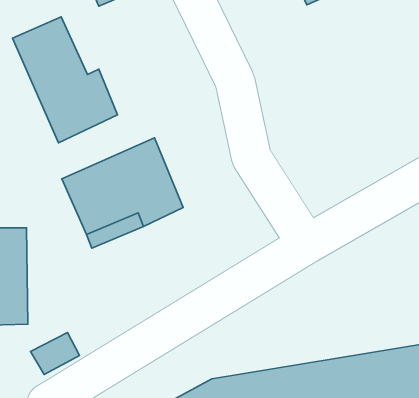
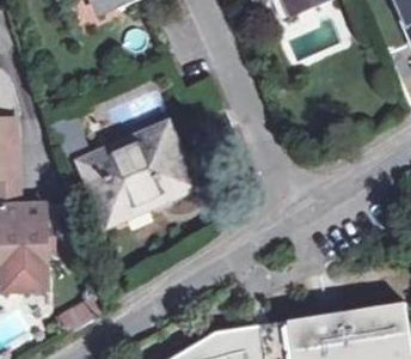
building: [13,17,118,143] -> none

